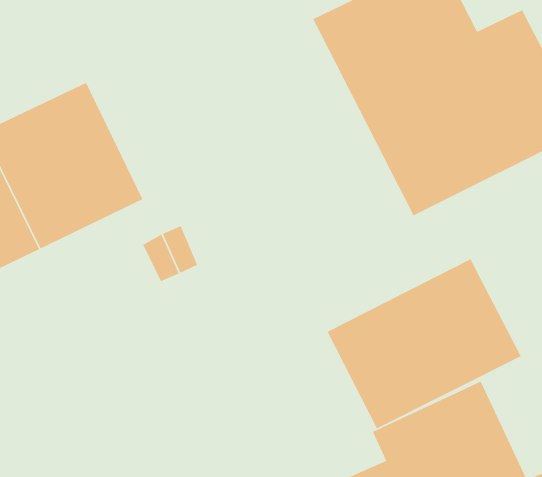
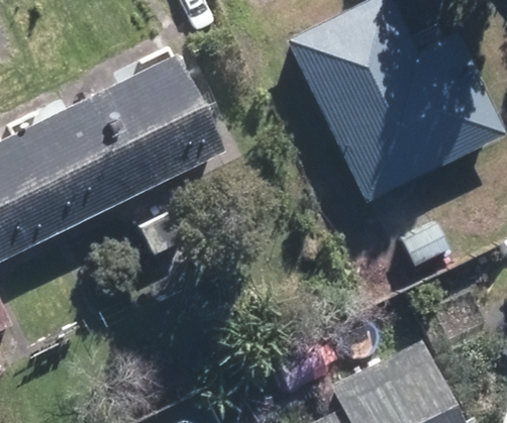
building: none -> [96,54,224,191]
building: [326,258,522,429] -> none

